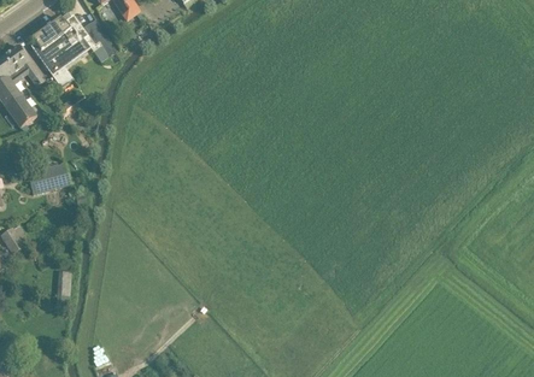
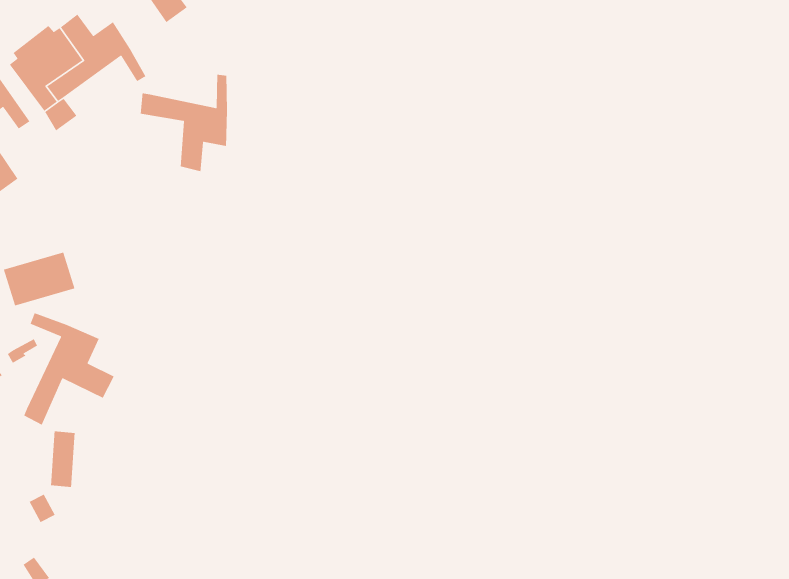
building: none -> [140,74,228,172]
building: none -> [23,312,115,426]

